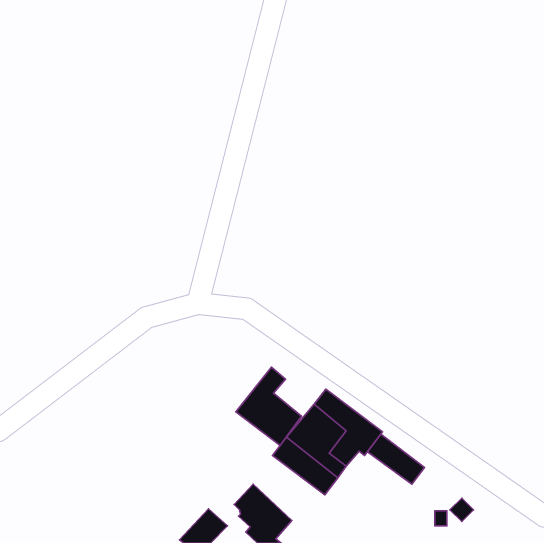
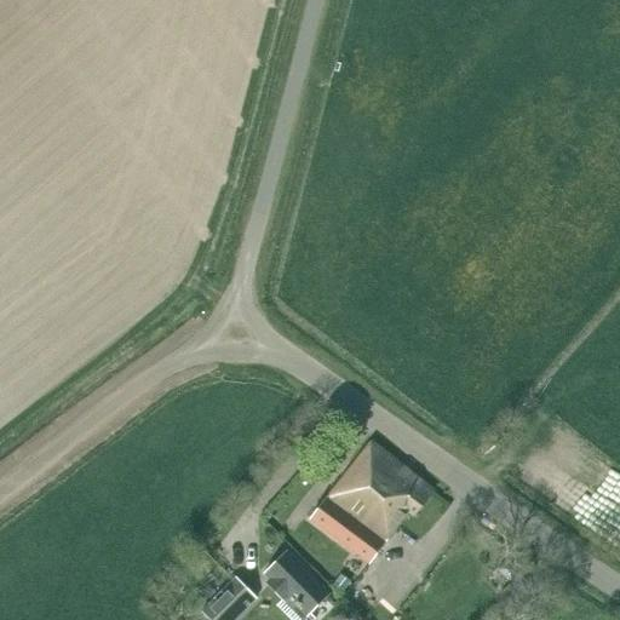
building: [236,367,302,445] -> none
building: [367,434,424,484] -> none

